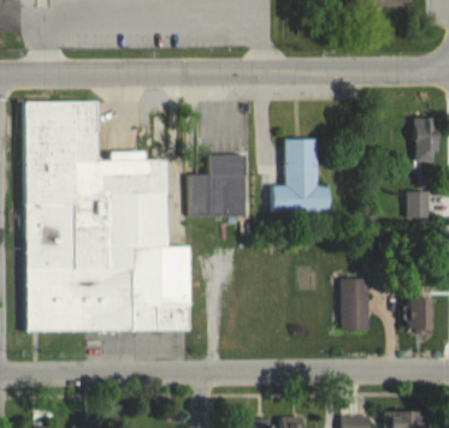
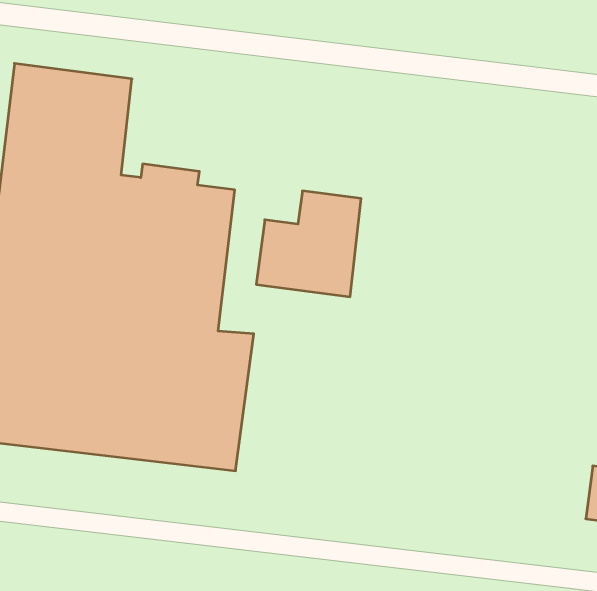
building: [268,138,330,212] -> none
building: [339,279,367,331] -> none

